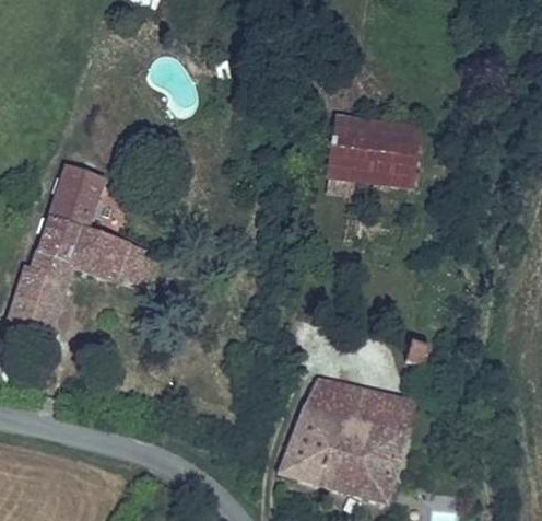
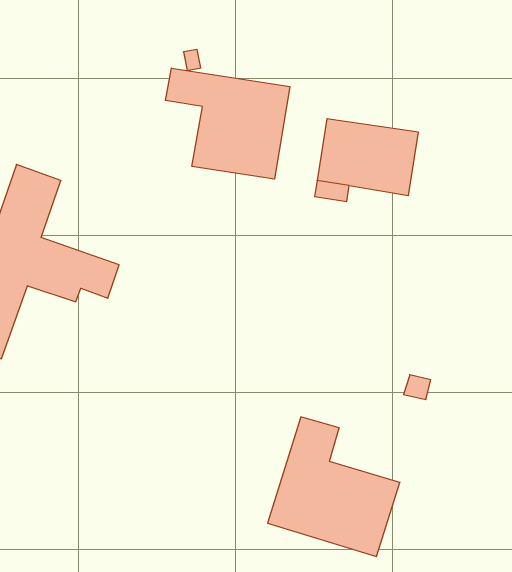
building: none -> [165,68,290,179]
building: [342,390,413,438] -> none

